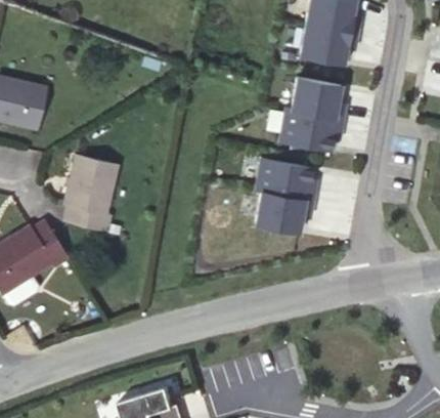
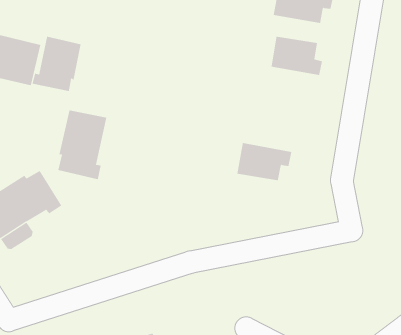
building: none -> [32,36,81,92]
building: [279,107,344,149] -> none
building: [256,157,317,200] -> none

